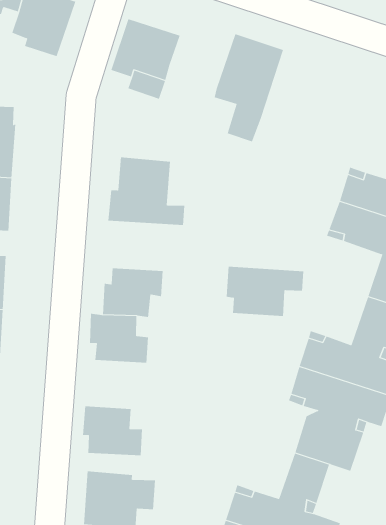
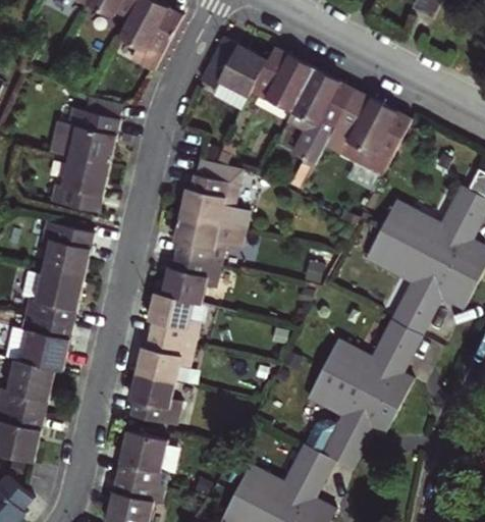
building: none -> [257,47,318,114]
building: none -> [329,90,418,177]
building: [226,266,304,316] -> [173,214,246,266]
building: none -> [132,334,194,382]

